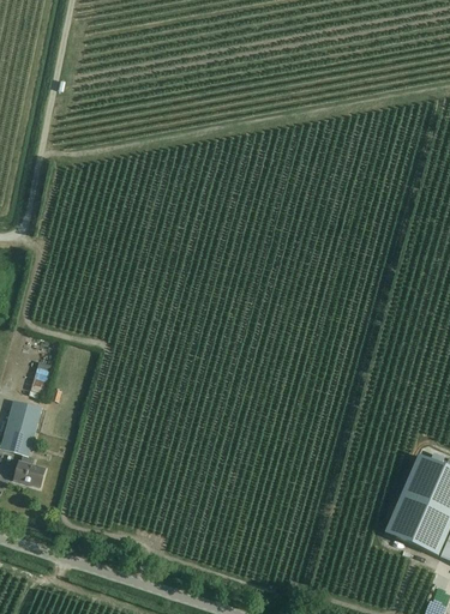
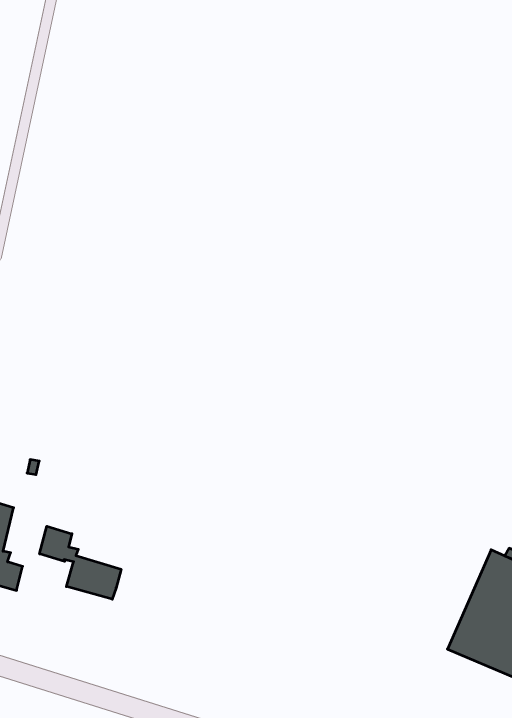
building: none -> [40,526,121,599]

